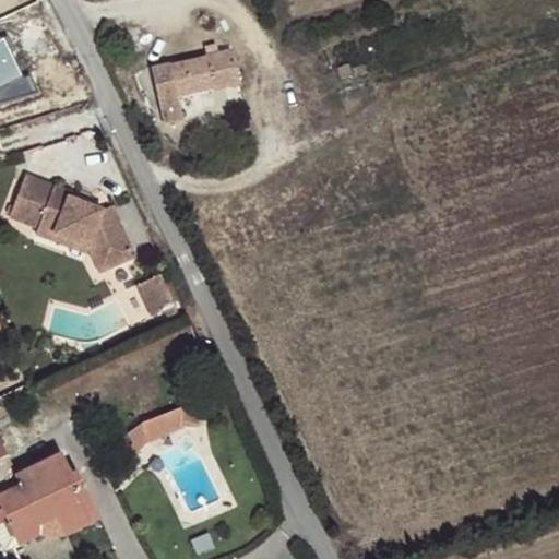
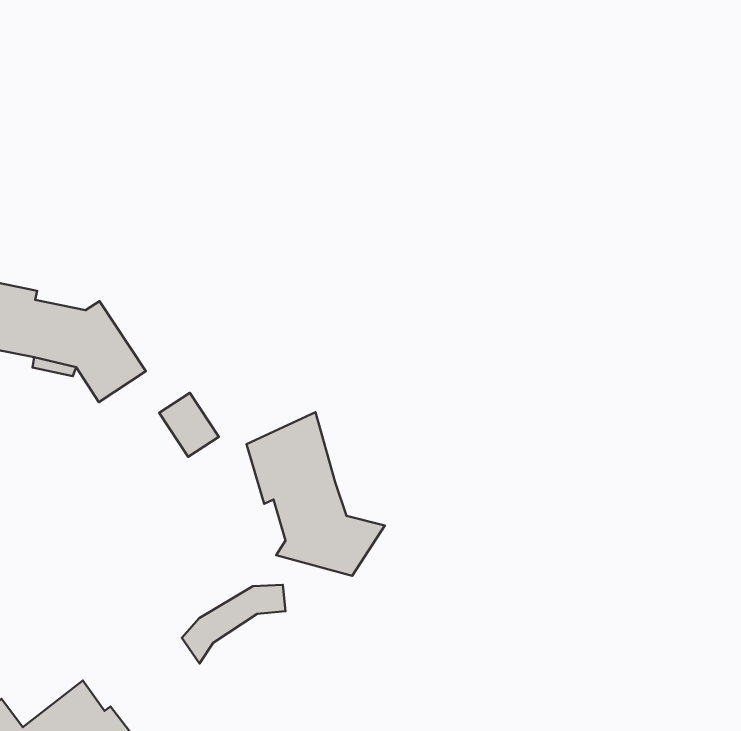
building: [151,49,239,123] -> none
building: none -> [246,412,385,576]

